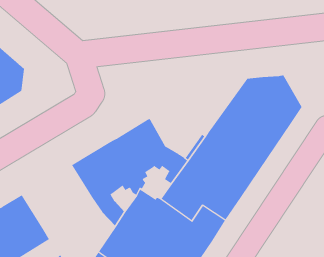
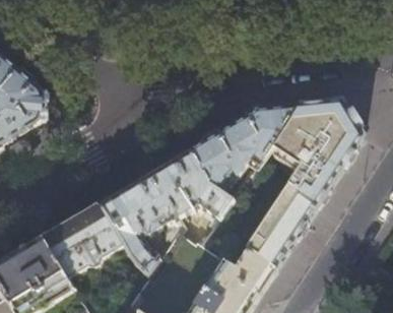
building: none -> [189,106,299,192]
building: none -> [44,204,123,276]

